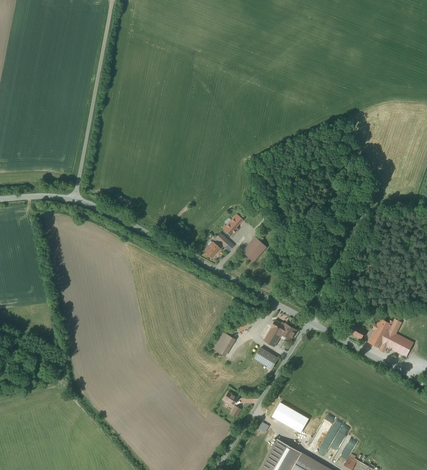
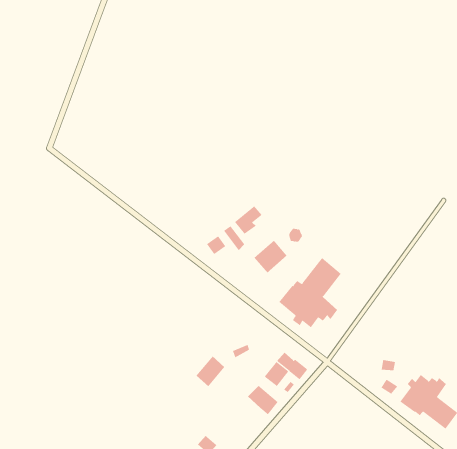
building: none -> [278,257,341,328]

